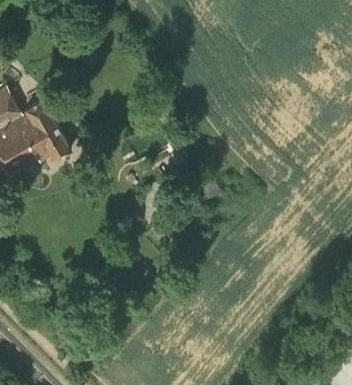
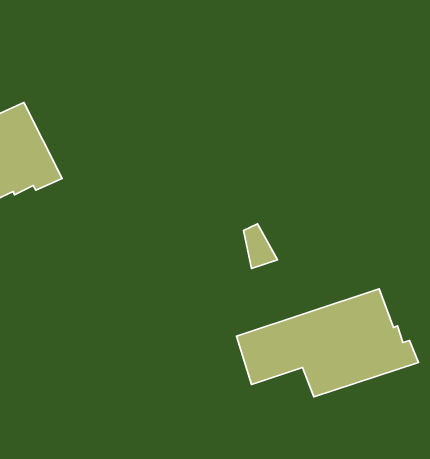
building: none -> [237,289,419,397]

